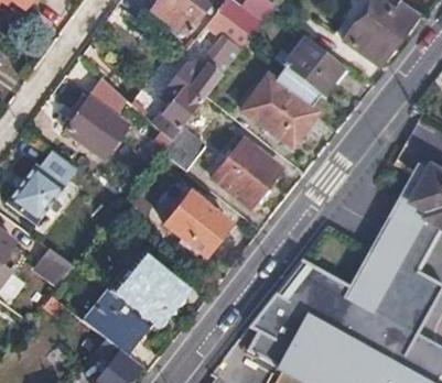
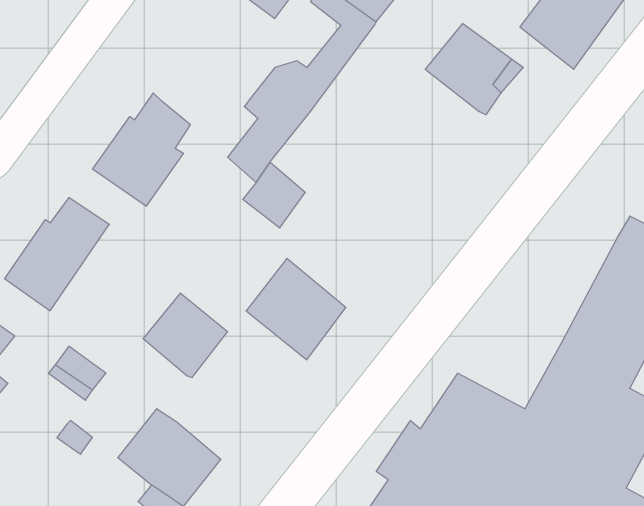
building: [245,63,320,141] -> none
building: [216,138,281,204] -> none
building: [122,265,177,320] -> [143,293,228,377]

